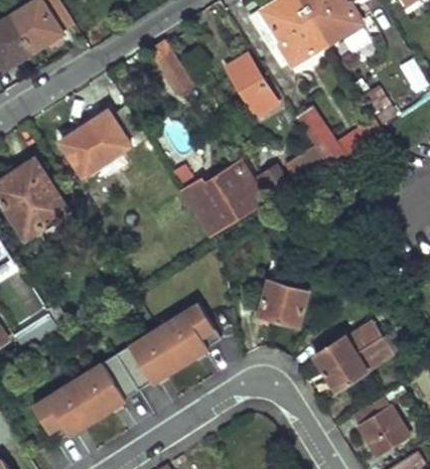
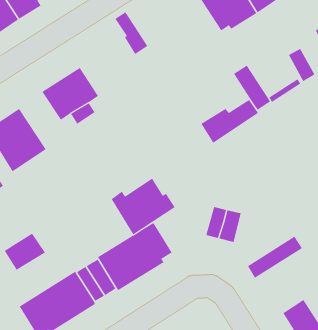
building: [227,56,279,117] -> none
building: [184,163,264,233] -> [111,178,175,235]
building: [322,333,393,389] -> none

